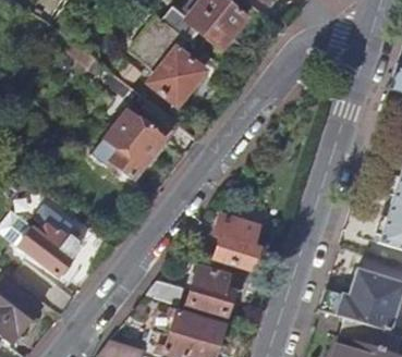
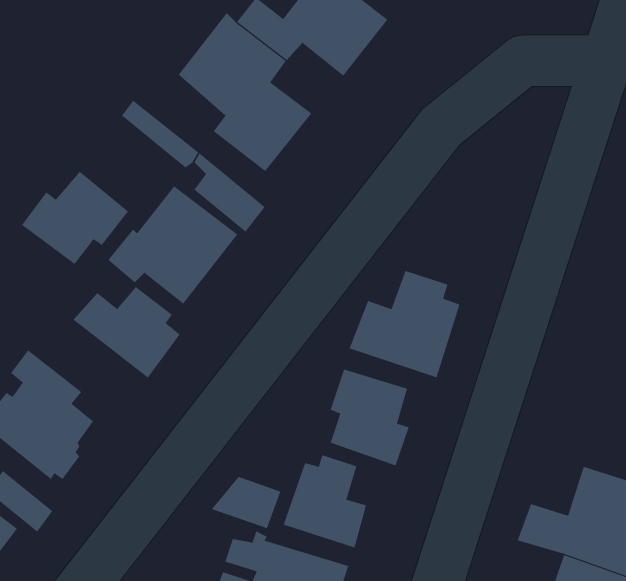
building: none -> [21,171,129,265]
building: none -> [349,270,460,378]
building: none -> [73,286,180,378]

